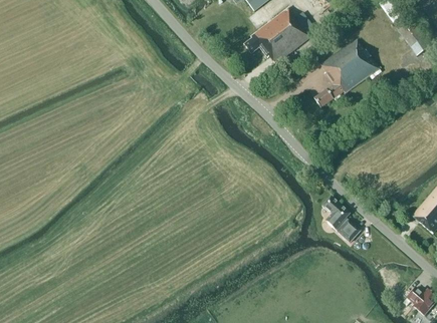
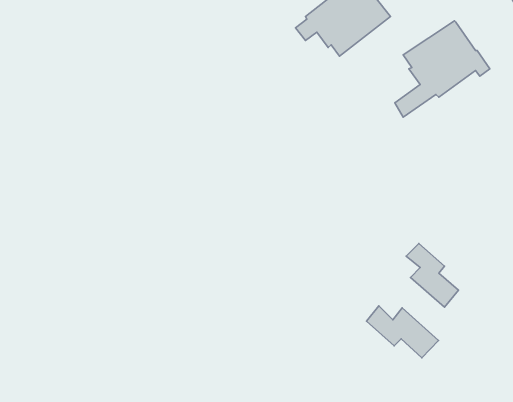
building: none -> [367,306,438,358]

